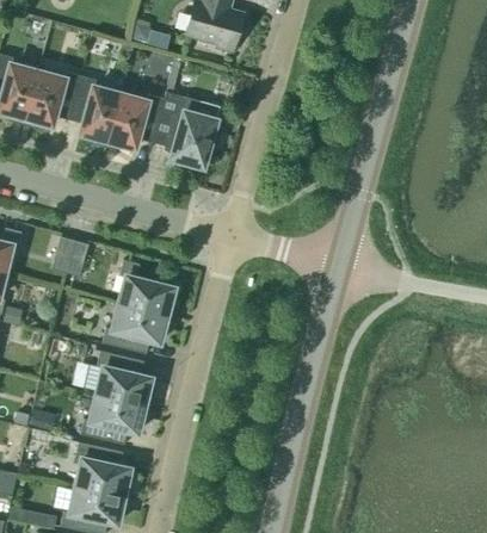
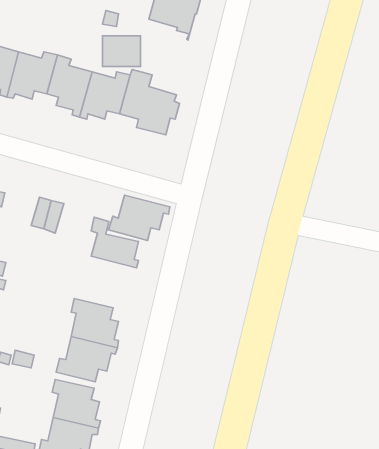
building: [103,303,172,354] -> [109,195,170,240]

